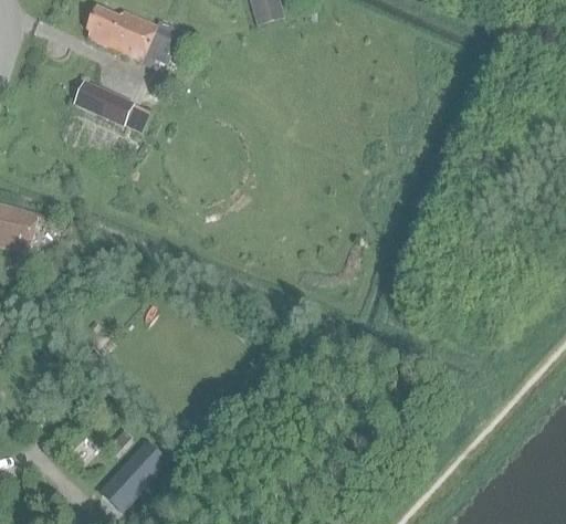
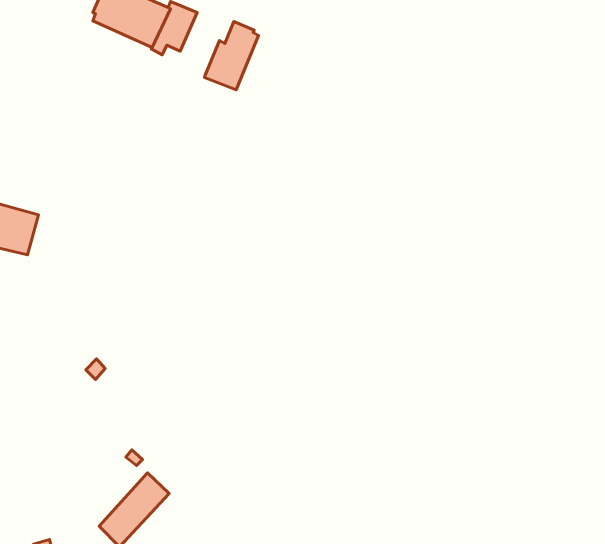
building: none -> [204,21,259,90]
building: [74,81,136,127] -> none

